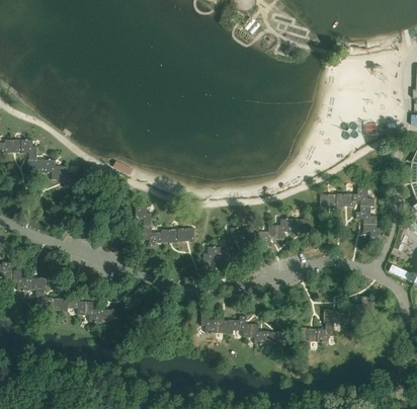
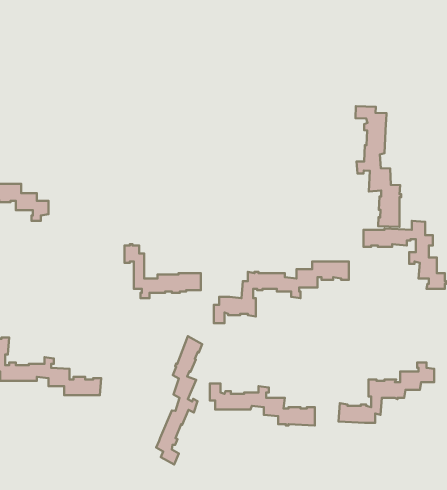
building: none -> [355,106,401,227]
building: none -> [156,336,202,465]

